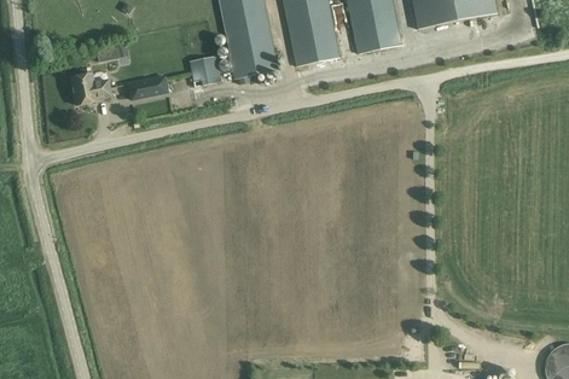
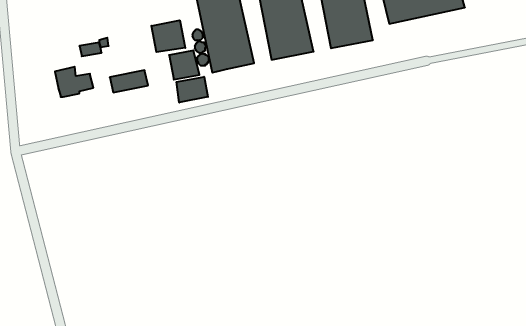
building: none -> [151,20,185,52]
building: none -> [177,77,208,103]

